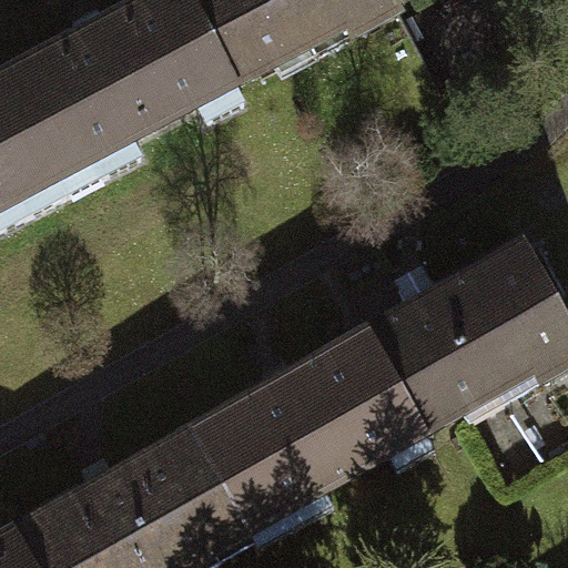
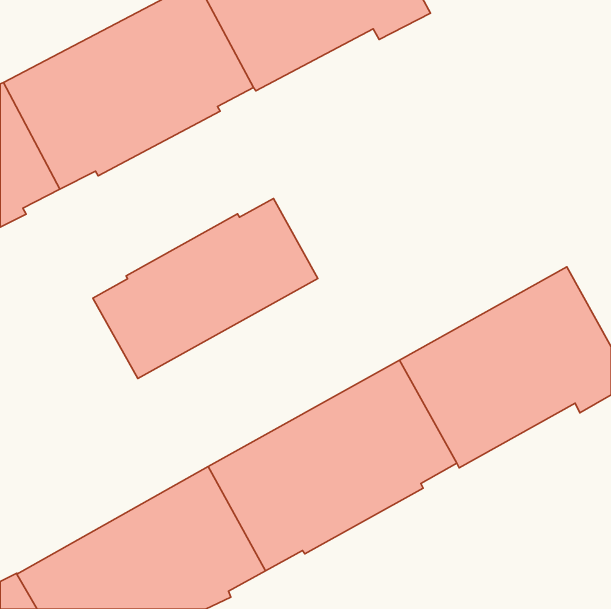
building: none -> [93,199,318,379]

